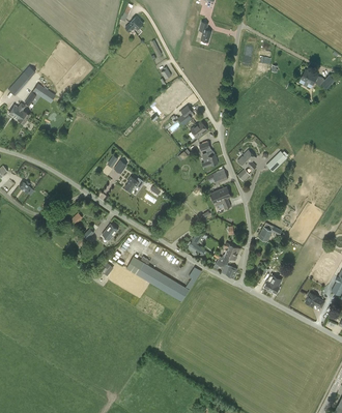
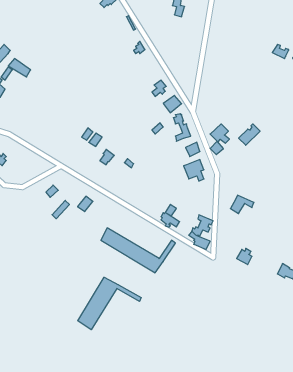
building: none -> [78,277,141,330]

